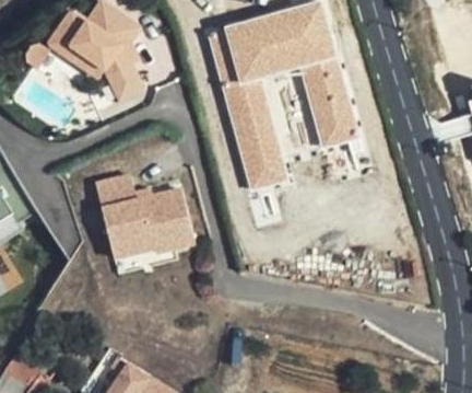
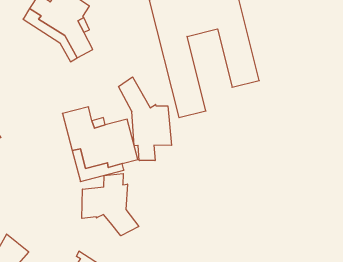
building: none -> [119,77,171,161]
building: none -> [82,174,139,236]

